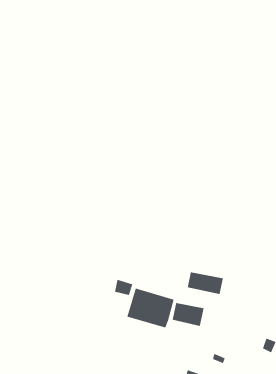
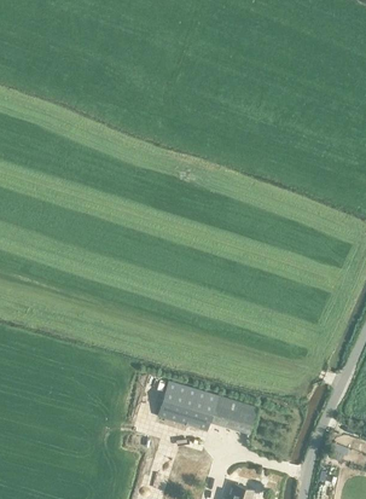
building: [187,272,224,295] -> none

